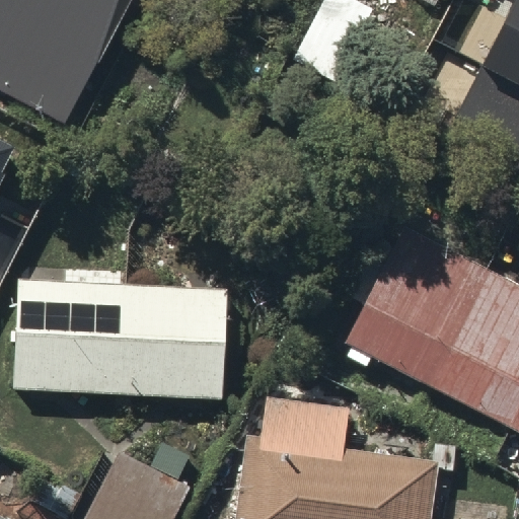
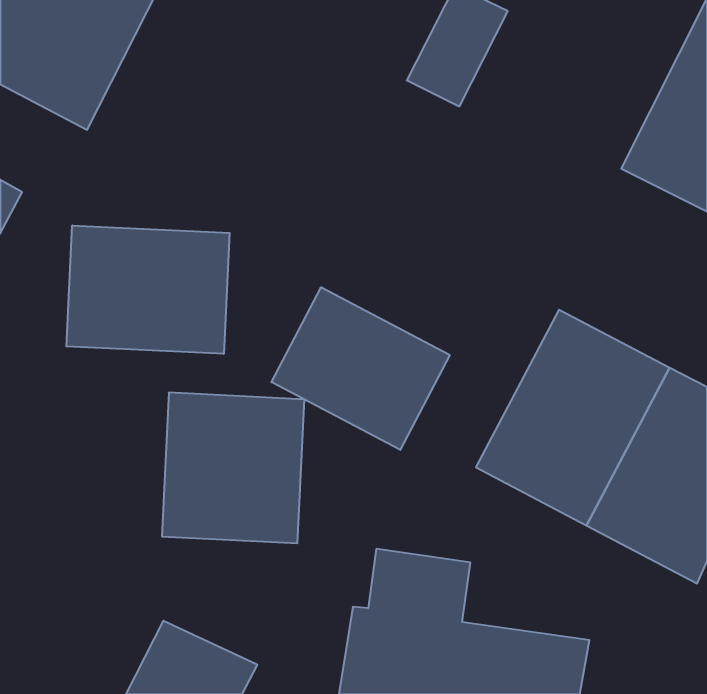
building: none -> [66,225,230,354]
building: none -> [271,287,450,450]
building: [20,283,124,393] -> none

